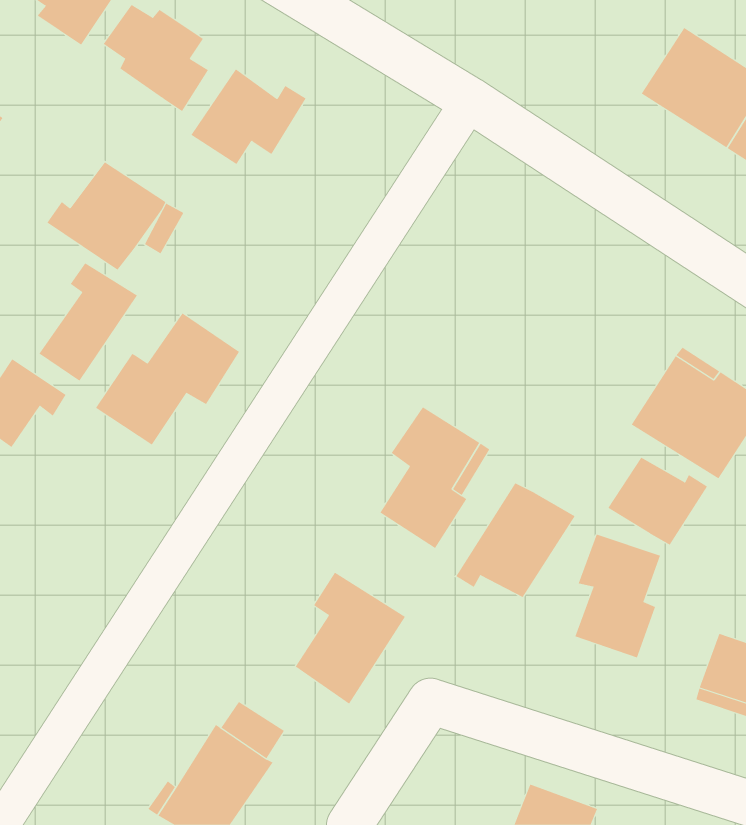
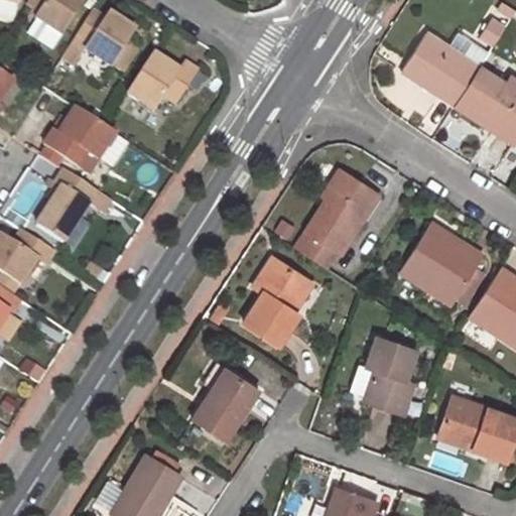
building: none -> [296,173,374,268]
building: [95,313,240,445] -> none
building: [607,457,708,545] -> none
building: [455,483,576,598] -> none

